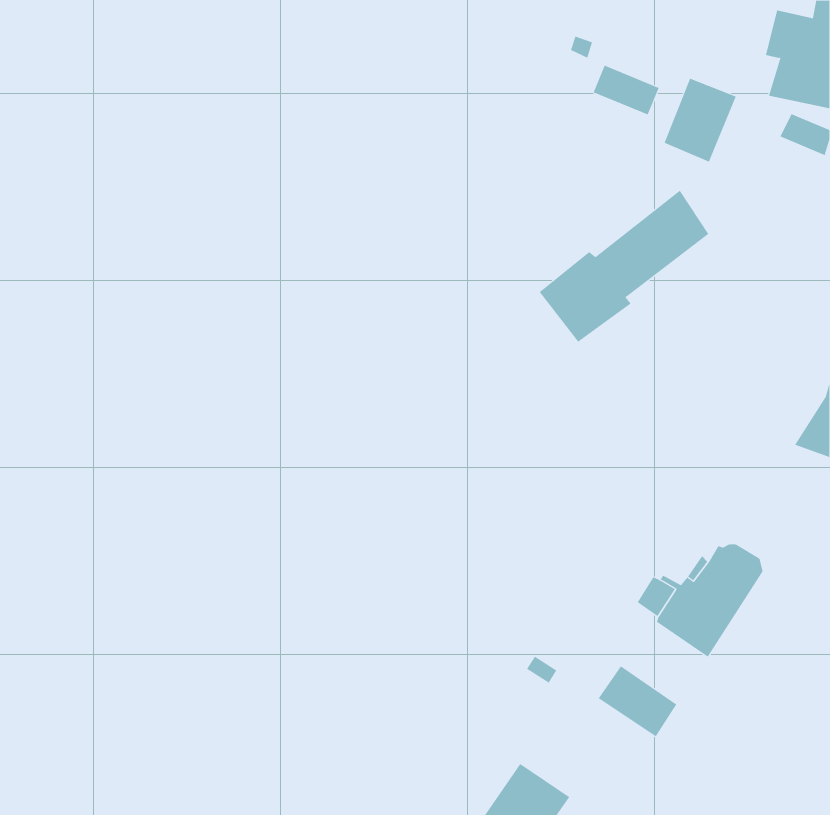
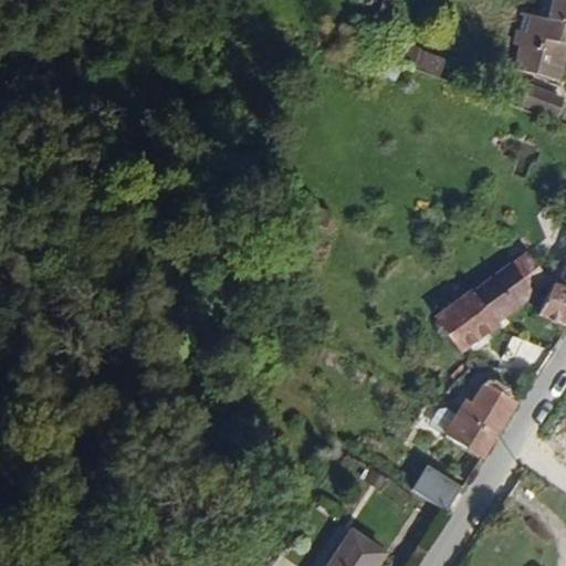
building: [664,78,737,162] -> none
building: [539,190,709,342] -> [437,243,553,347]

